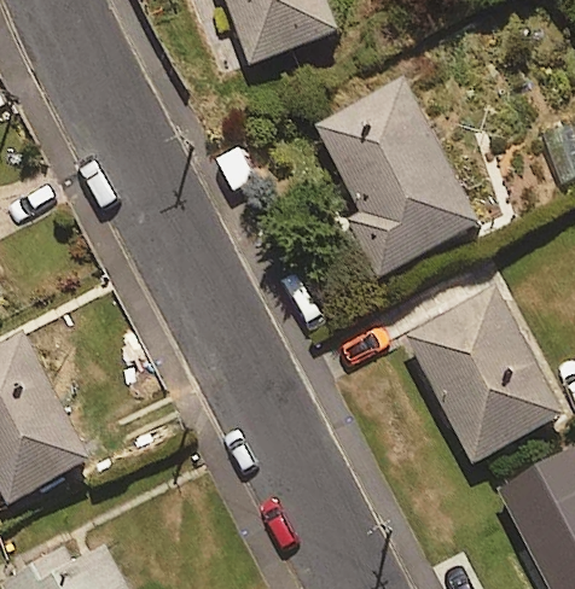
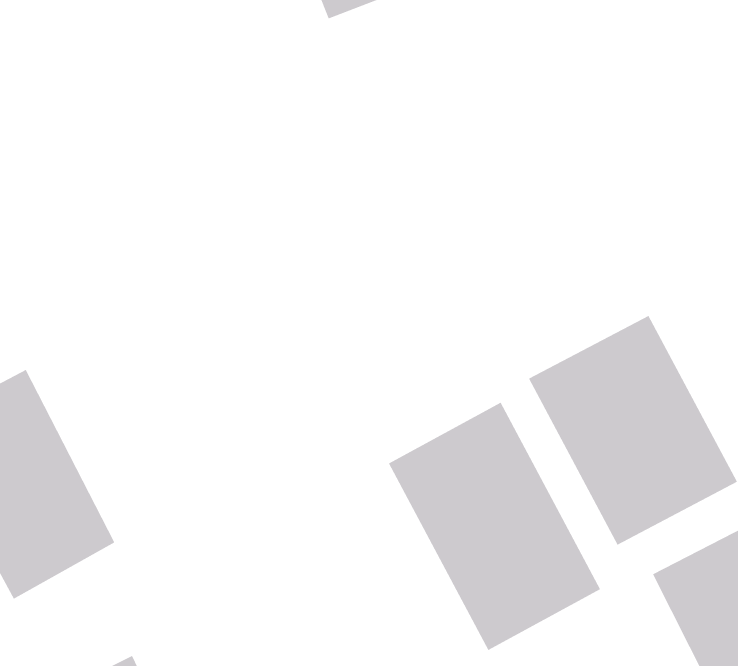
building: [315,77,478,276] -> none
building: none -> [388,402,601,651]

